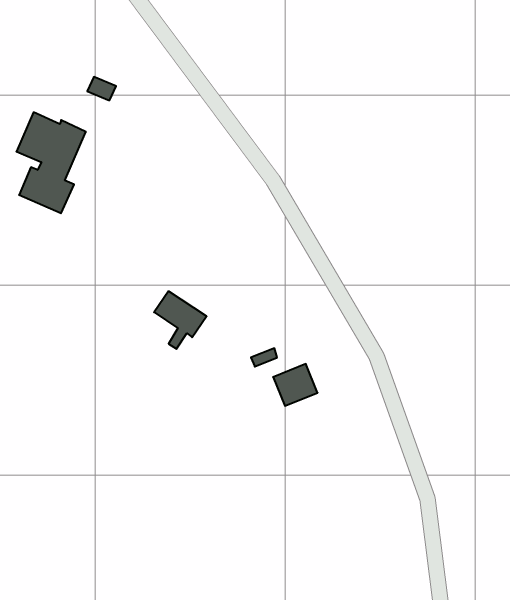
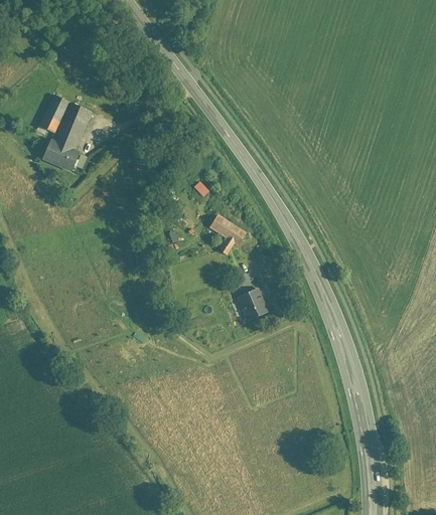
building: [154,291,207,349] -> [207,212,248,256]

